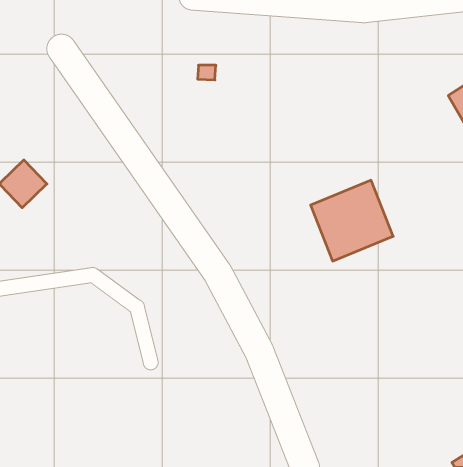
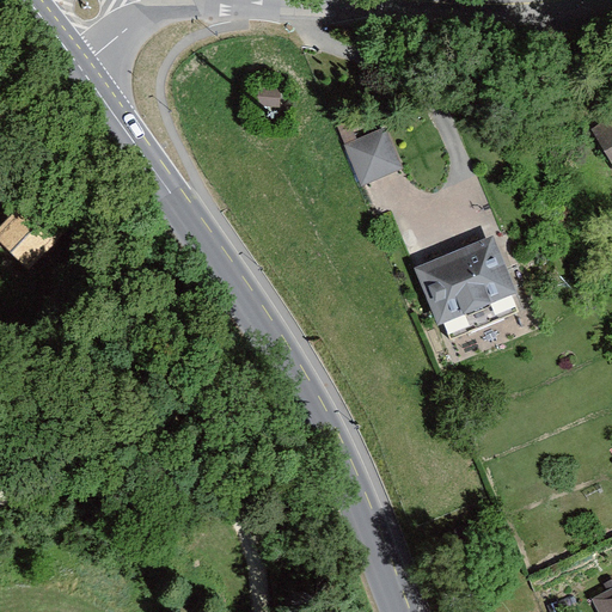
building: none -> [338,124,400,185]

